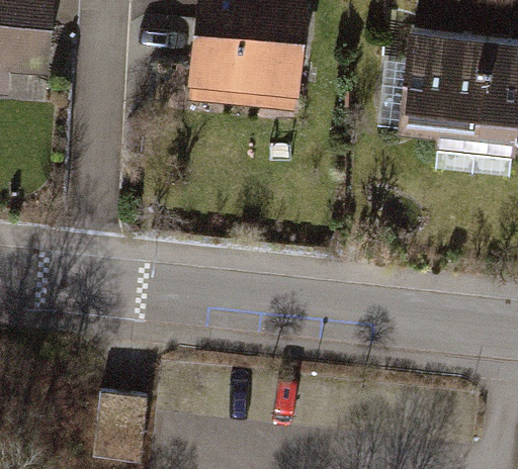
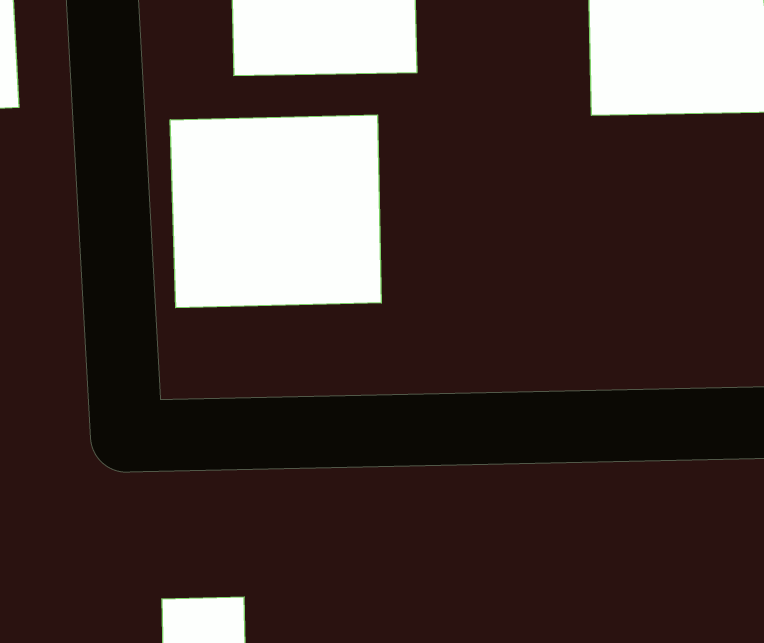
building: none -> [170,115,381,308]

